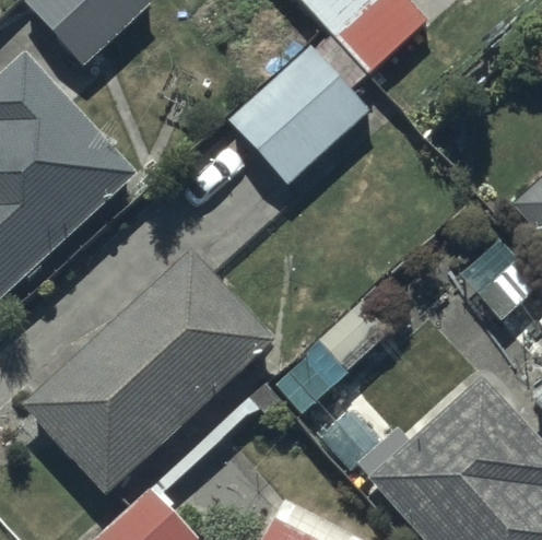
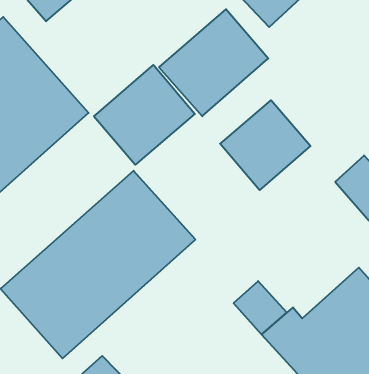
building: none -> [94,65,195,165]
building: none -> [220,100,310,190]

